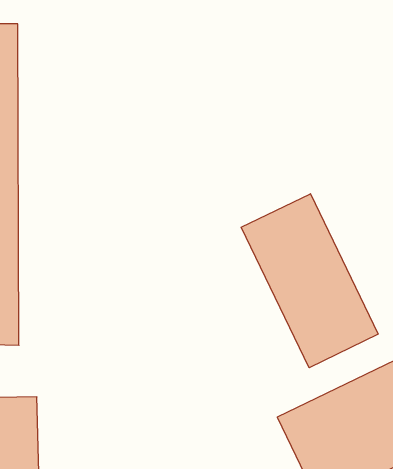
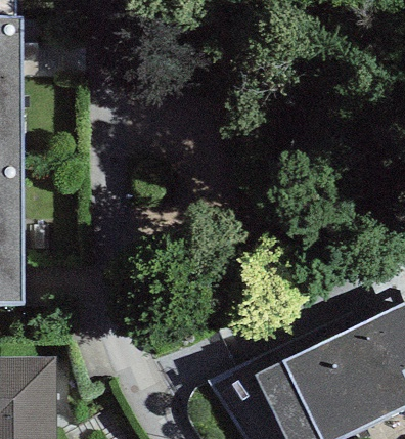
building: [241,194,378,368] -> none

